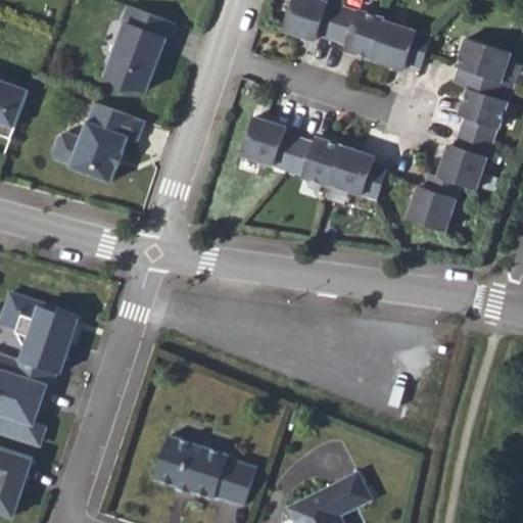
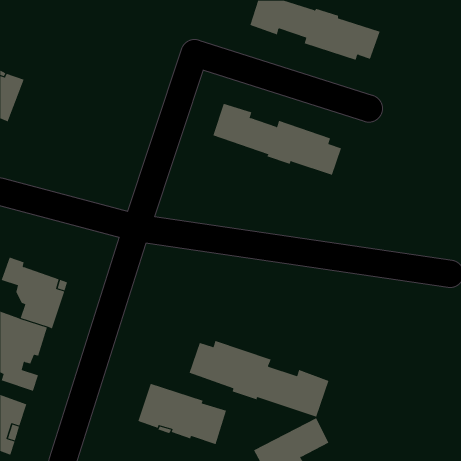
building: [103,6,174,91] -> none
building: [406,37,513,230] -> none
building: [49,102,144,183] -> none
building: none -> [189,340,329,418]

